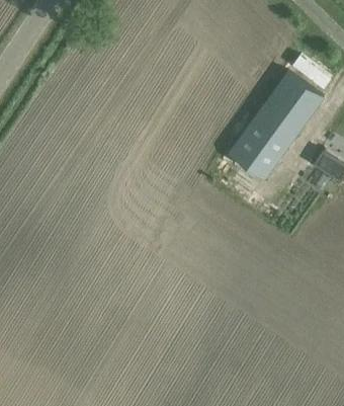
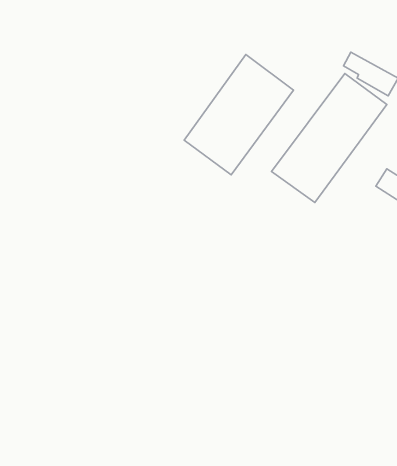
building: none -> [184,54,293,175]

